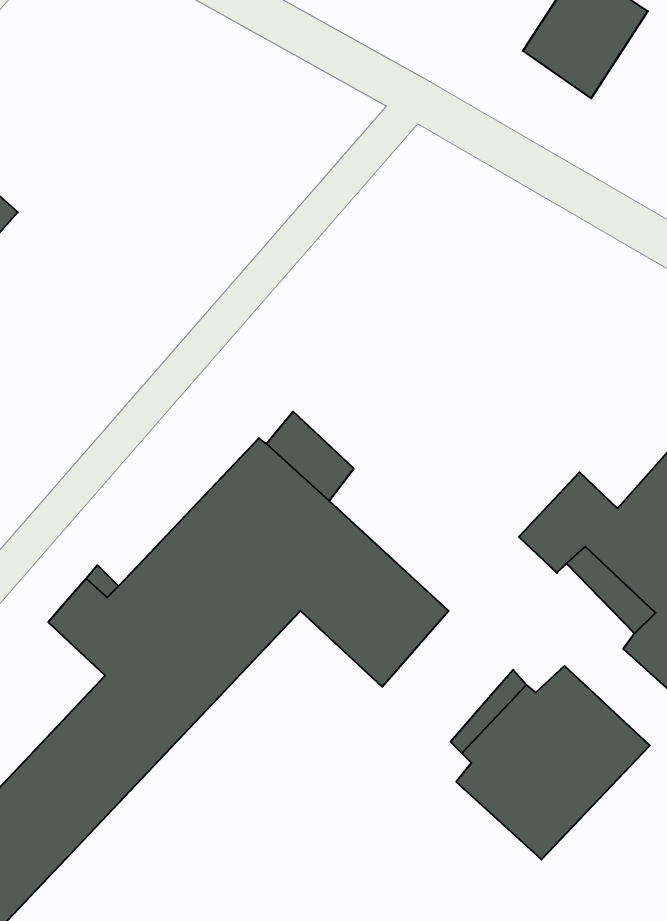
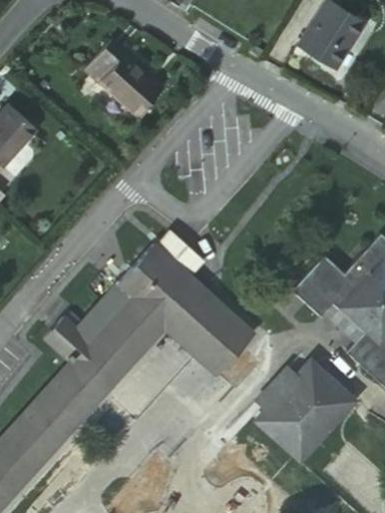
building: none -> [73,36,151,111]

